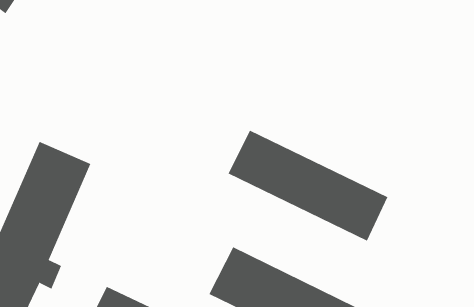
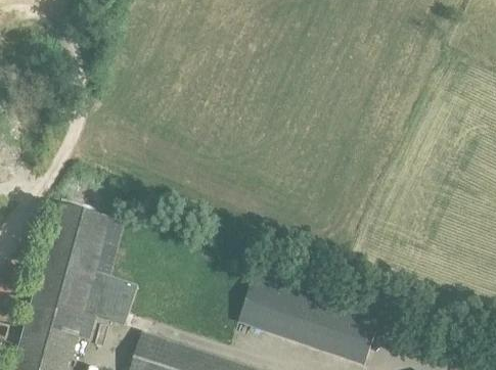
building: [228,130,388,242] -> none
building: none -> [86,217,138,325]

